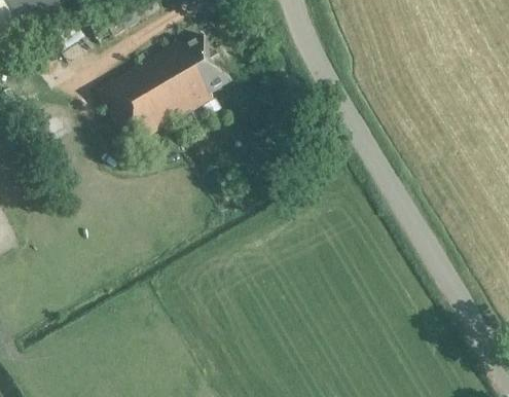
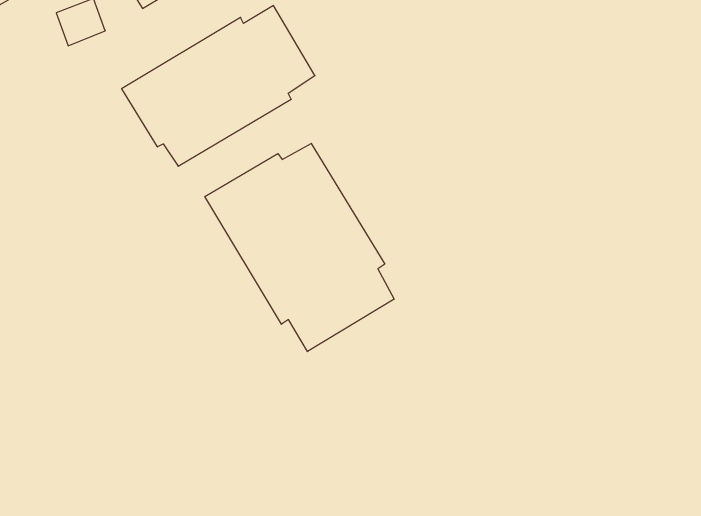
building: none -> [205,143,394,352]

